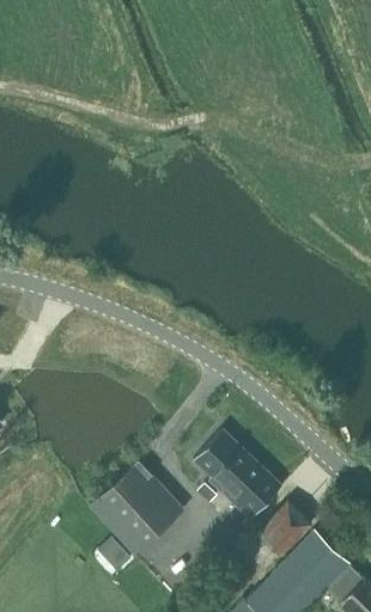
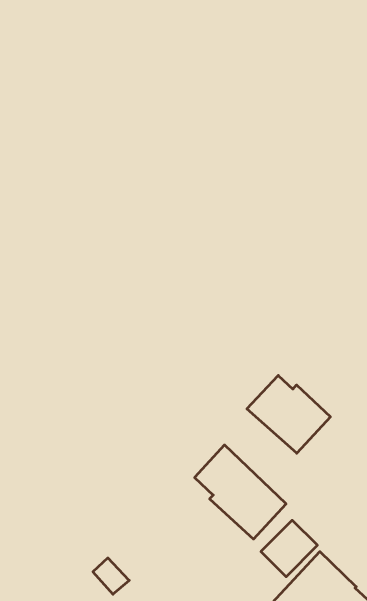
building: none -> [247,375,330,453]
building: [90,460,184,555] -> none

